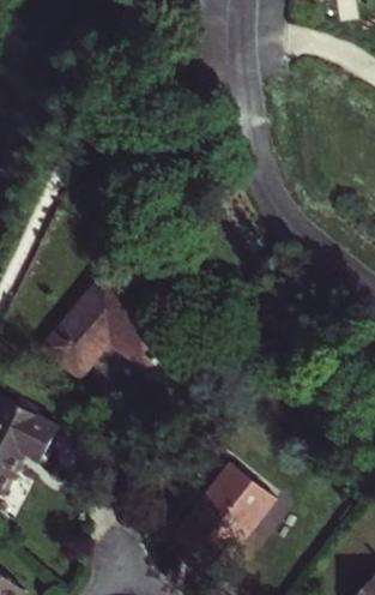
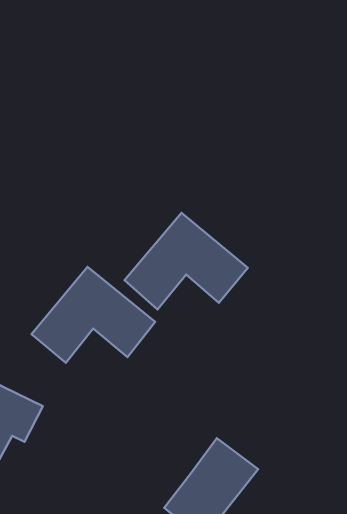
building: none -> [124,213,248,310]

